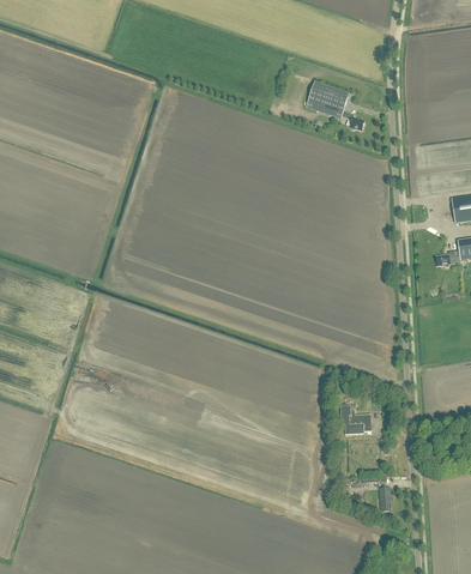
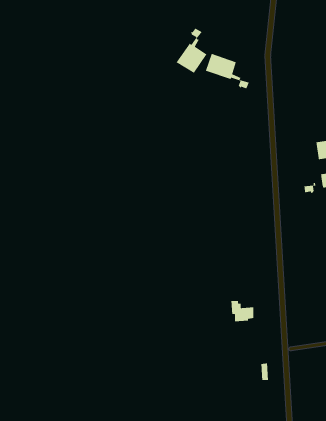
building: none -> [176,27,208,74]

